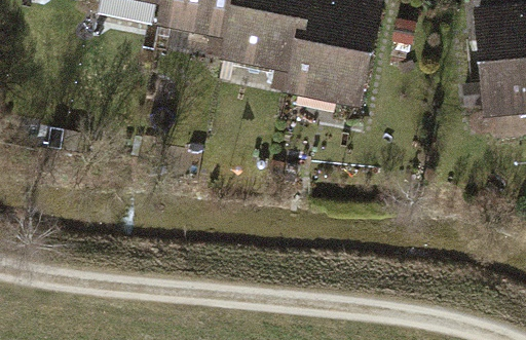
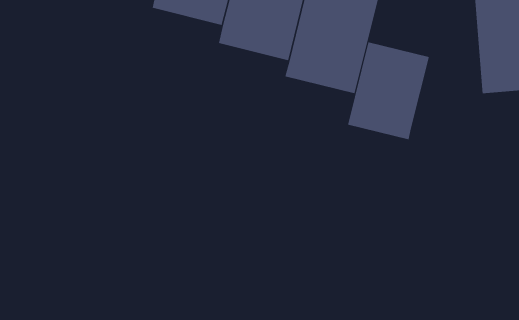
building: none -> [347,41,430,140]

